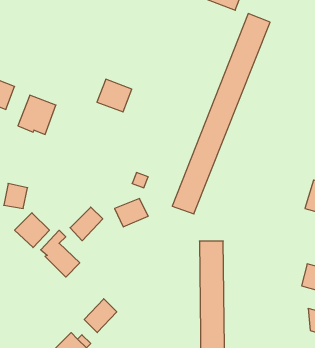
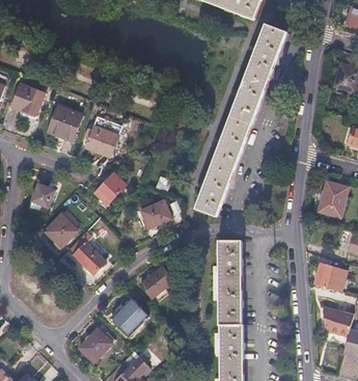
building: [97,79,132,112] -> [85,125,118,156]
building: [70,207,103,241] -> [94,172,126,205]
building: none -> [139,266,172,298]

